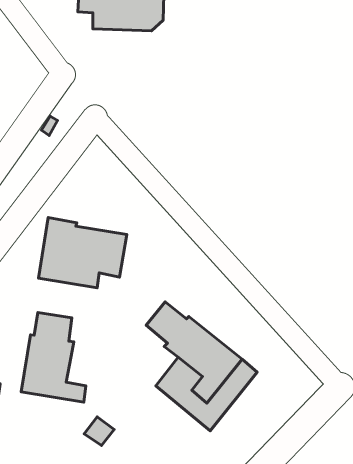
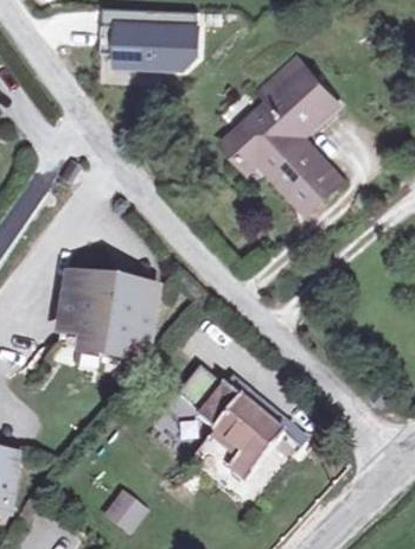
building: none -> [224,66,340,208]
building: [21,312,86,402] -> none

